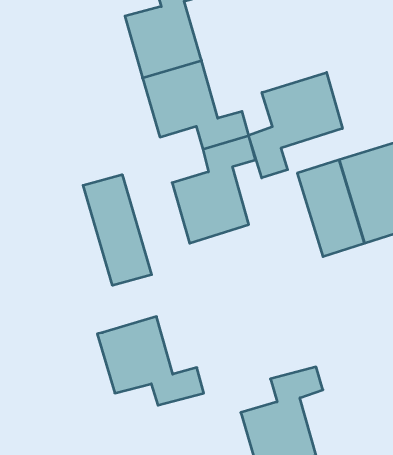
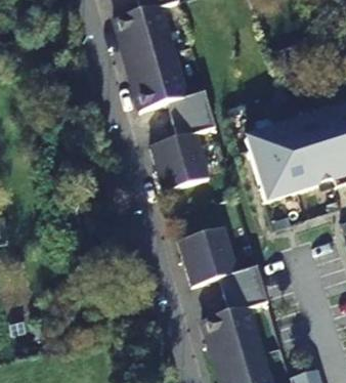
building: [249,72,342,178] -> none
building: [83,175,152,285] -> none
building: [97,317,204,405] -> [180,224,261,292]

